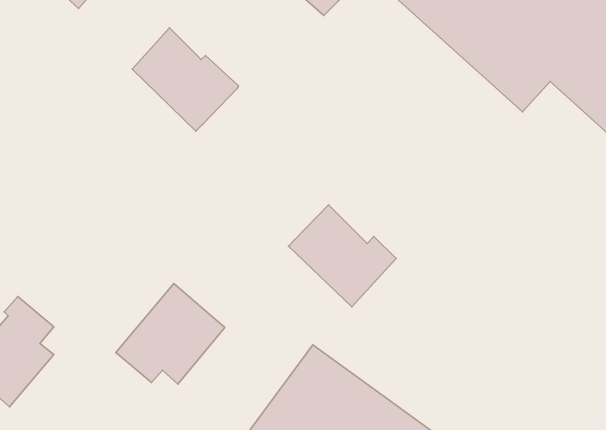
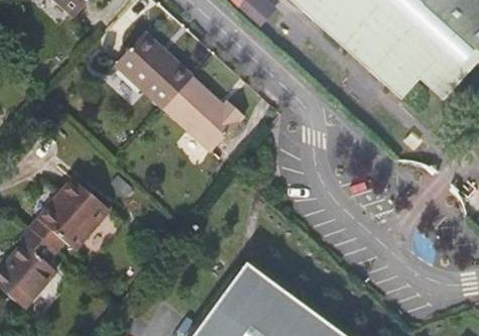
building: [288,205,396,307] -> [161,77,240,151]
building: [116,283,225,384] -> [30,179,110,252]

